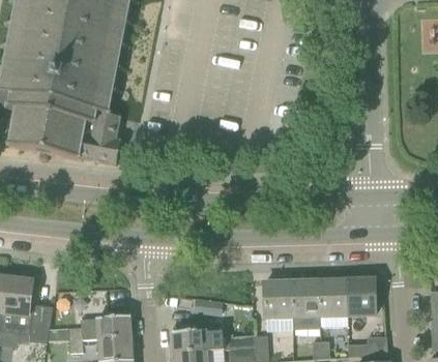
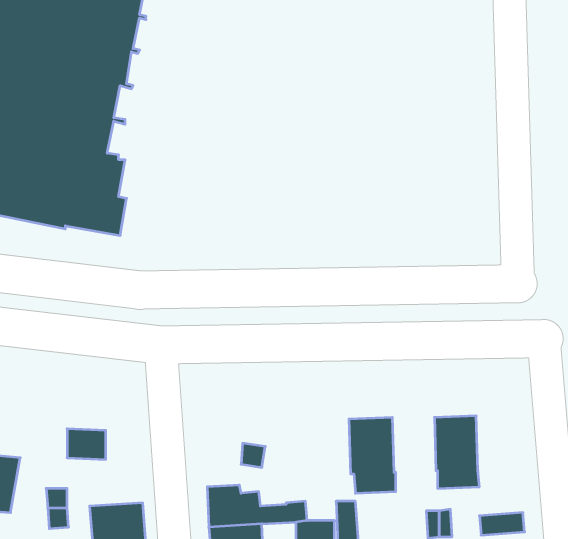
building: [345,279,375,315] -> none
building: [291,281,320,329] -> none
building: [95,309,130,338] -> none

